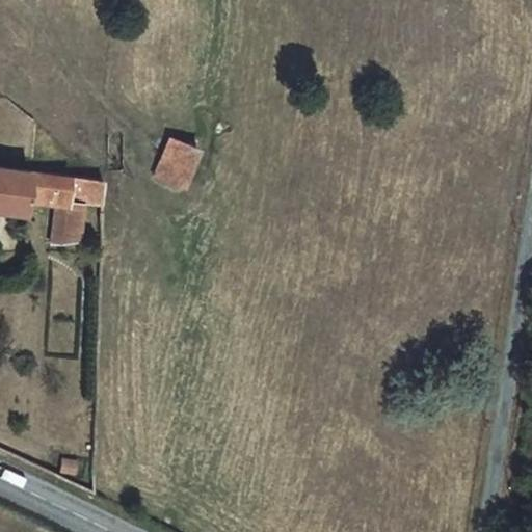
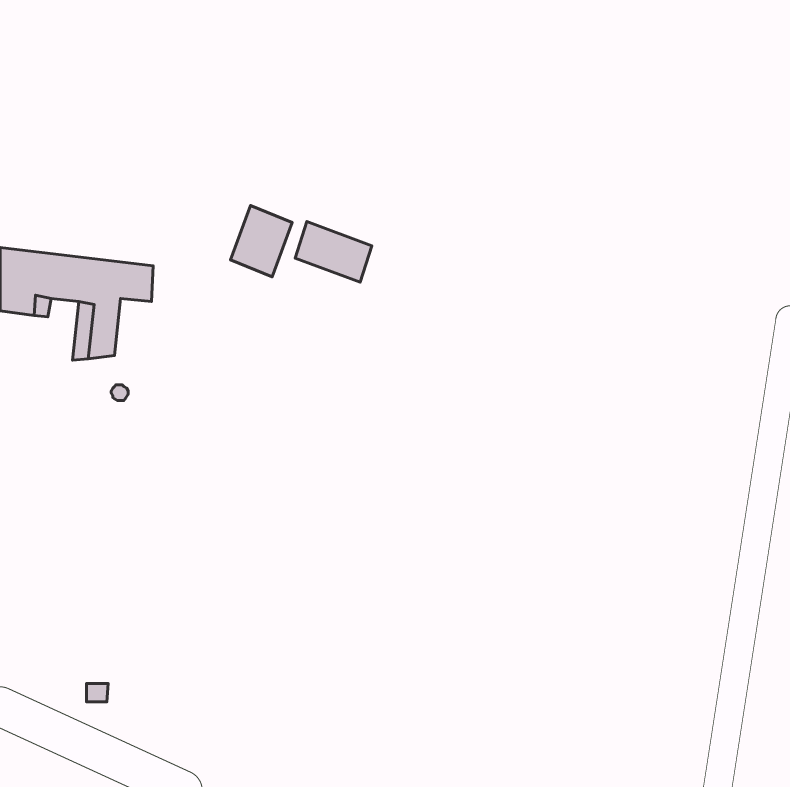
building: none -> [295,222,372,282]

